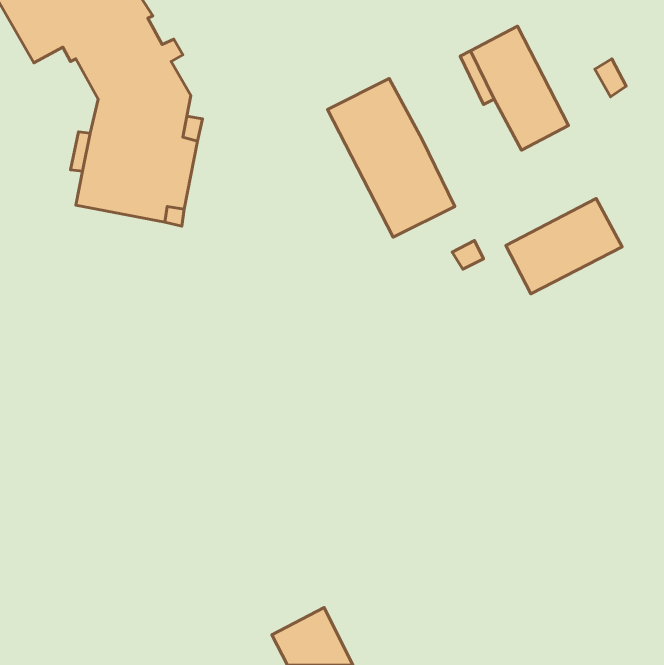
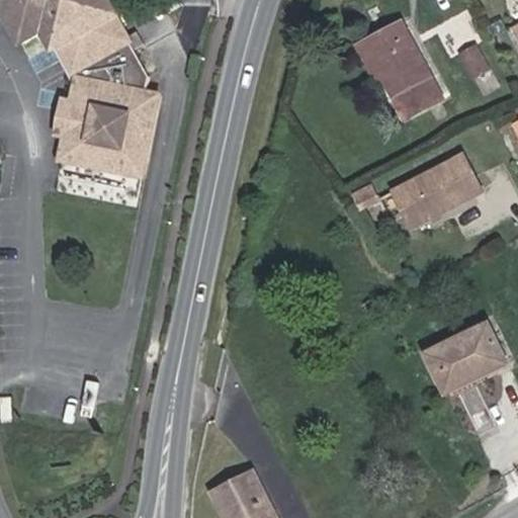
building: [327,79,455,237] -> none
building: none -> [426,323,504,390]

